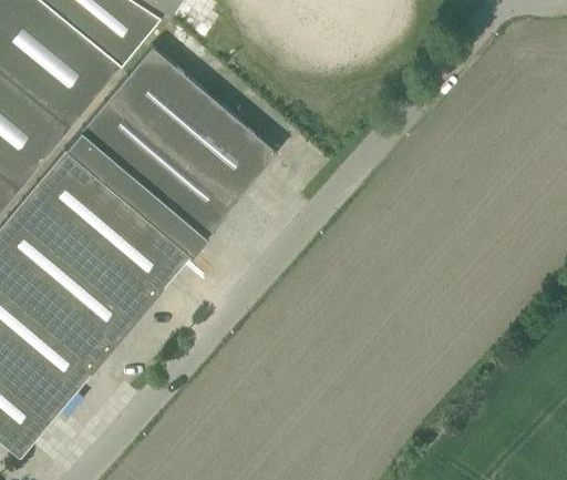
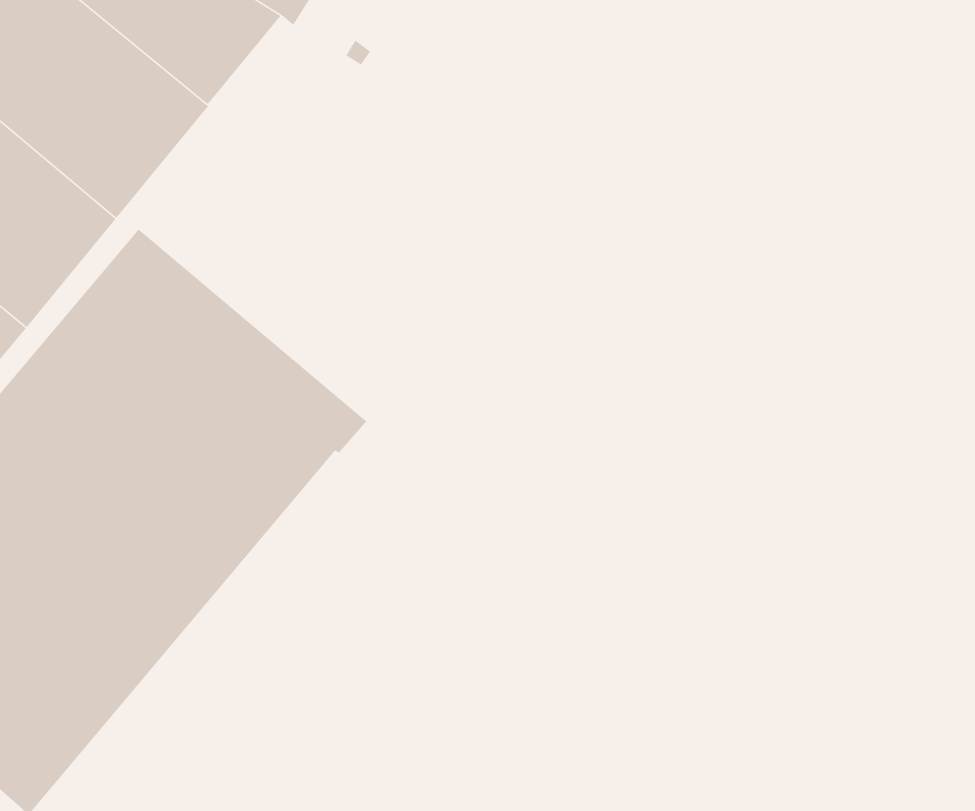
building: [80,47,276,236] -> none

